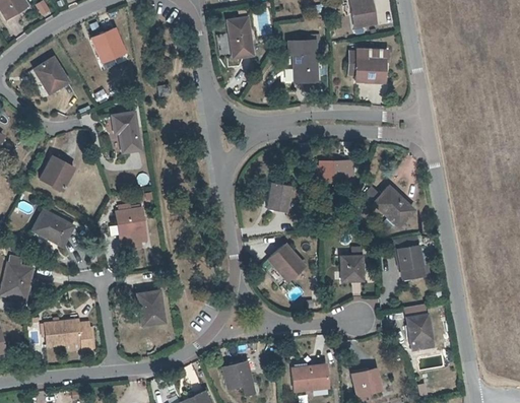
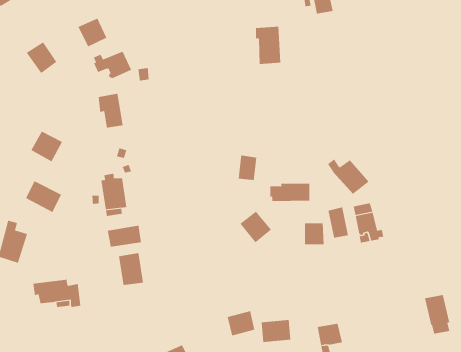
building: [226,18,250,58] -> none
building: [354,49,387,80] -> none
building: none -> [93,51,132,79]
building: [309,160,353,181] -> [270,183,310,202]
building: none -> [328,206,348,239]
building: none -> [107,225,142,247]
building: [408,315,437,358] -> [424,294,450,334]
building: [218,360,250,389] -> [227,311,255,336]

